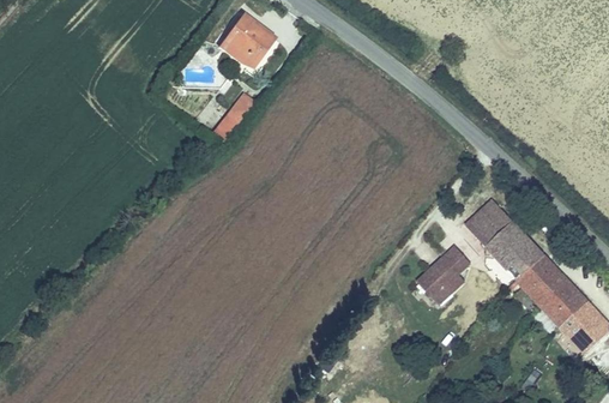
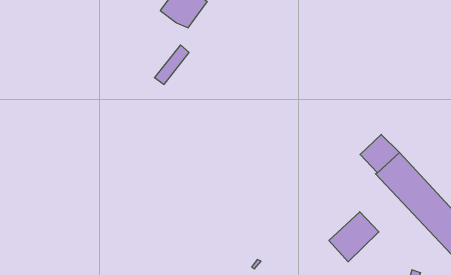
building: [416,246,478,308] -> [329,212,379,262]

